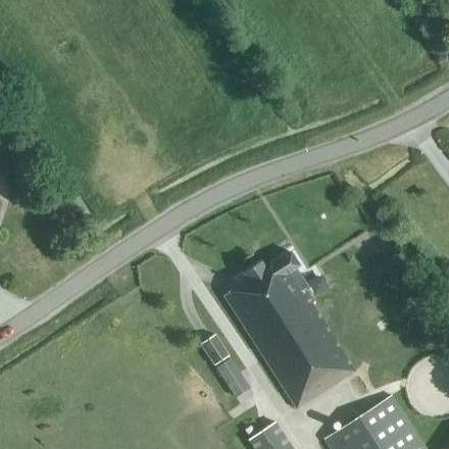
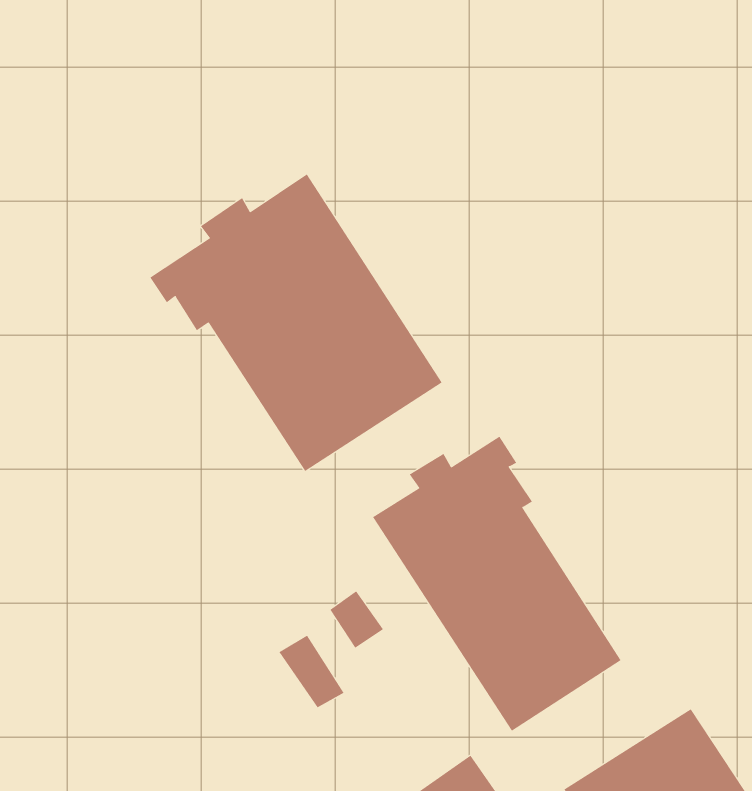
building: none -> [150,174,443,472]
building: [216,358,251,397] -> [279,635,344,708]

